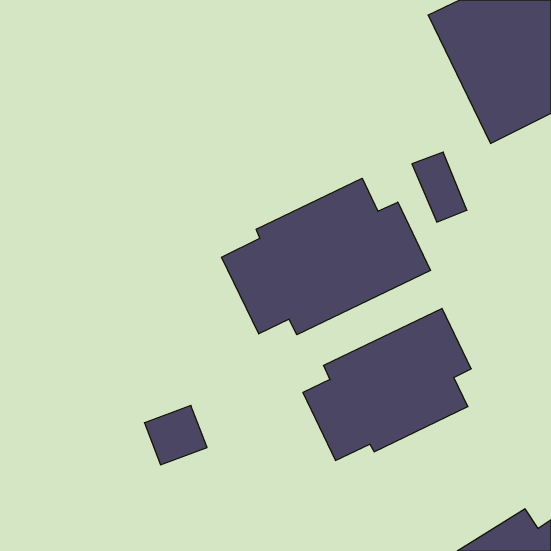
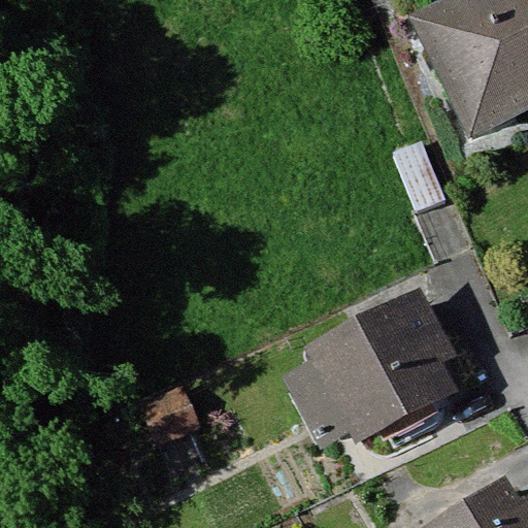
building: [221,178,431,335] -> none

